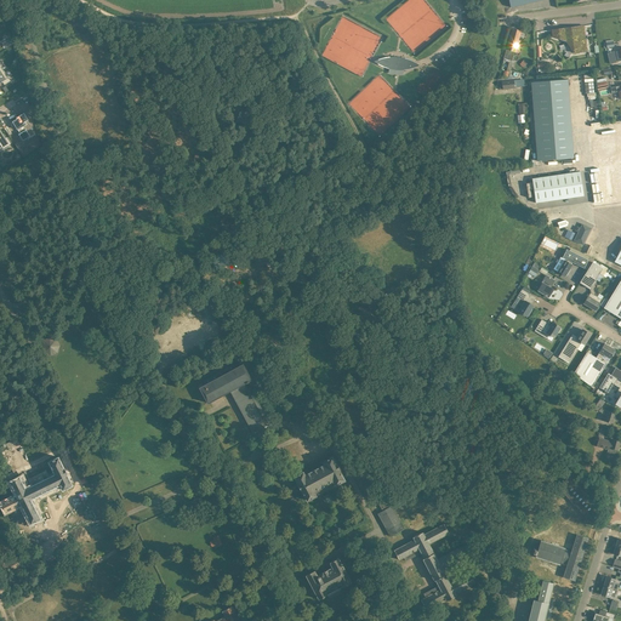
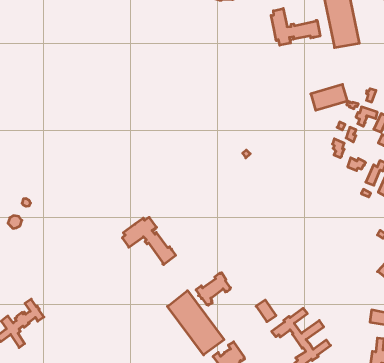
building: none -> [271,8,320,45]
building: [531,171,582,203] -> [311,84,347,110]
building: none -> [167,291,224,355]

